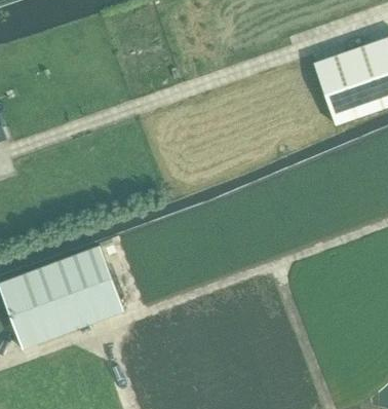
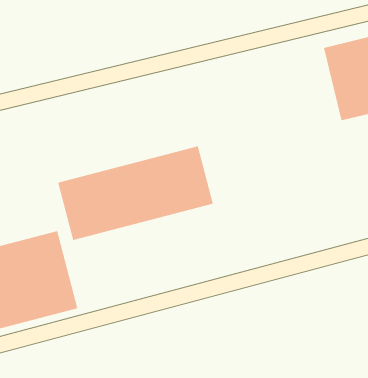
building: none -> [58,145,213,241]

